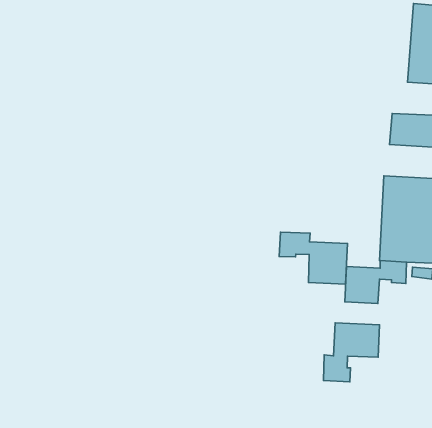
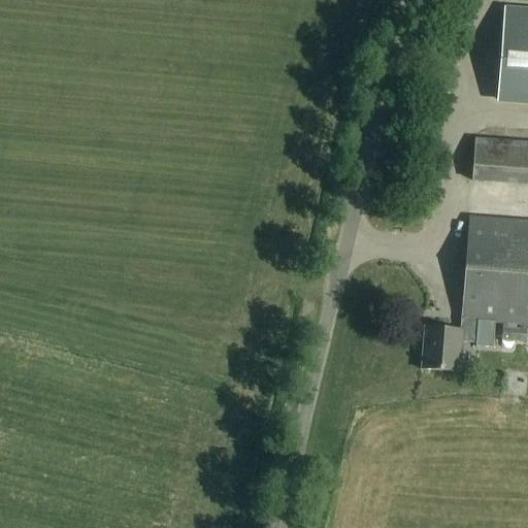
building: [279,232,348,284] -> none
building: [323,323,380,382] -> none

